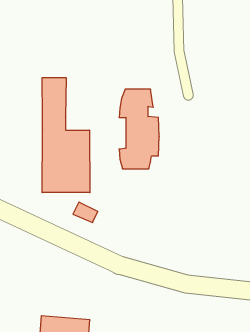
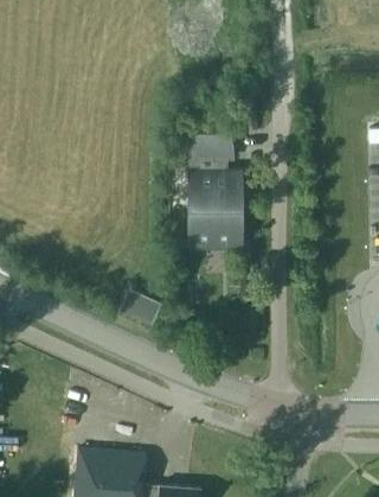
building: [42,78,90,193] -> none

